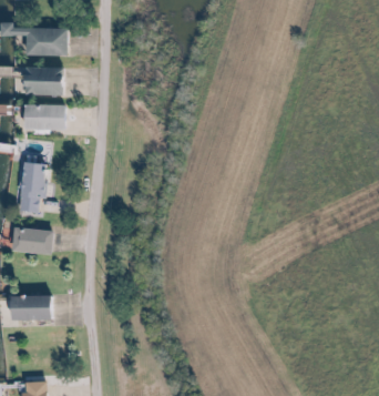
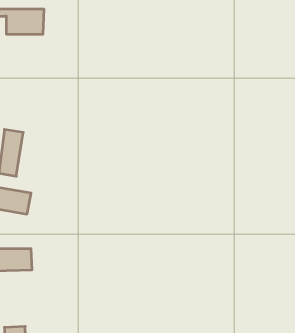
building: [25,67,66,95] -> none
building: [24,105,65,131] -> none

